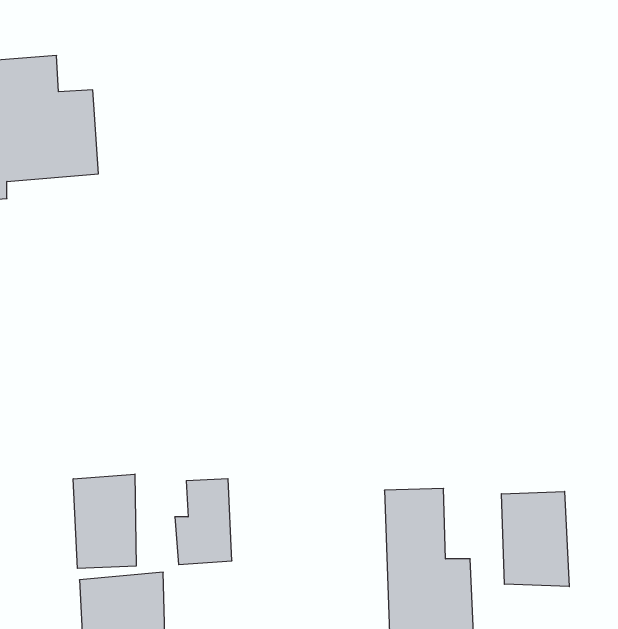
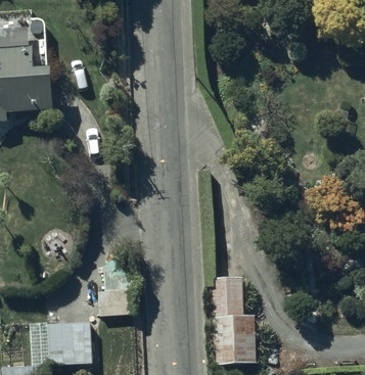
building: [73,474,136,568] -> none
building: [501,491,569,587] -> none

